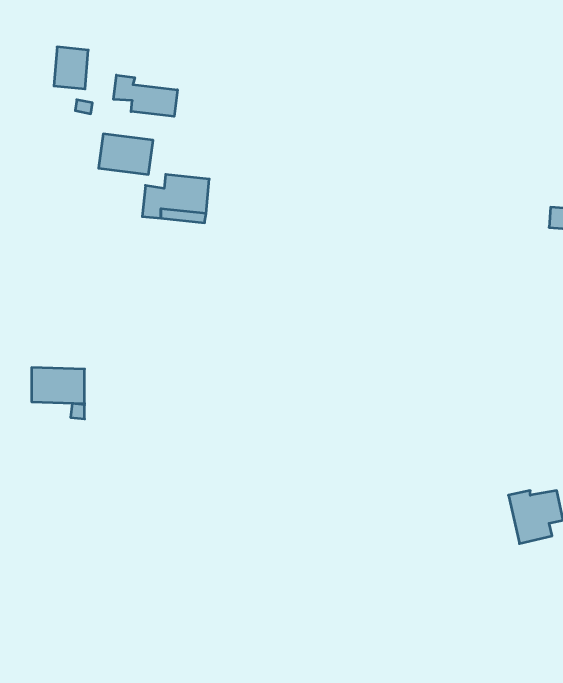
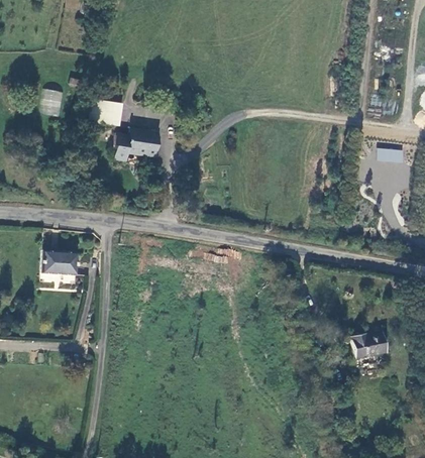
building: [54,47,88,89] -> [41,89,64,116]
building: [114,75,177,116] -> none

